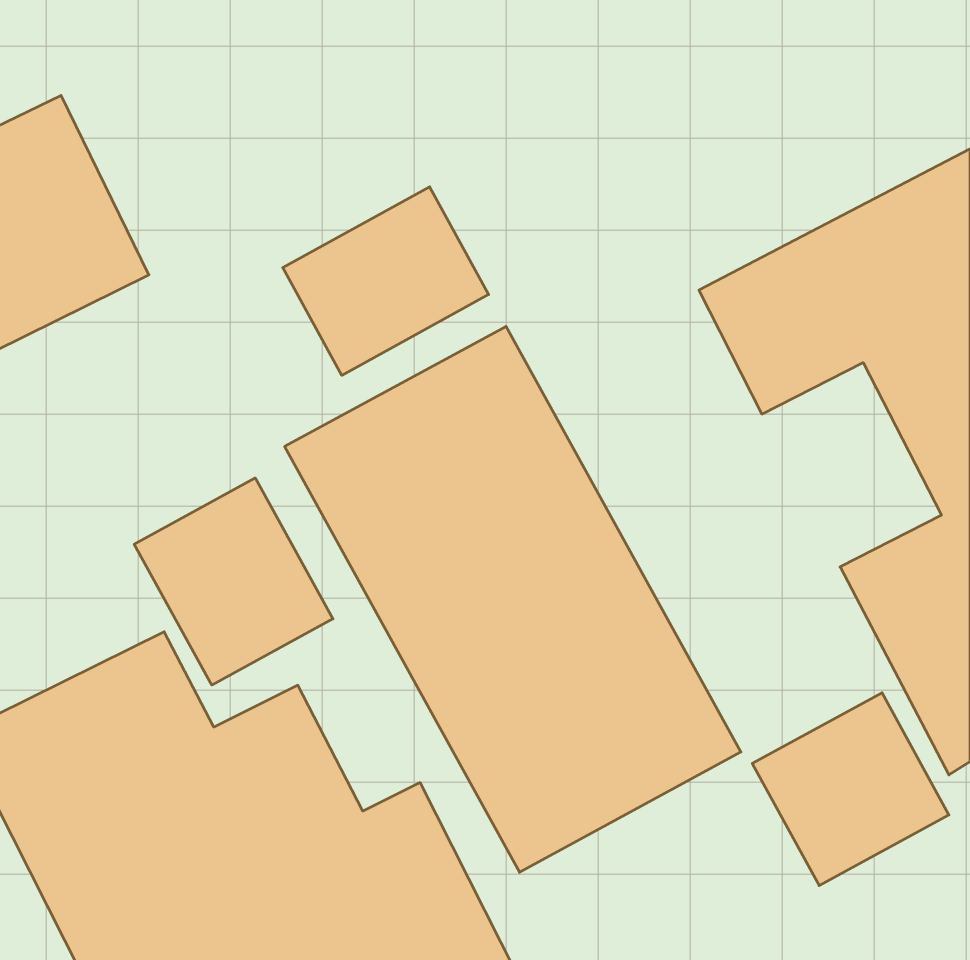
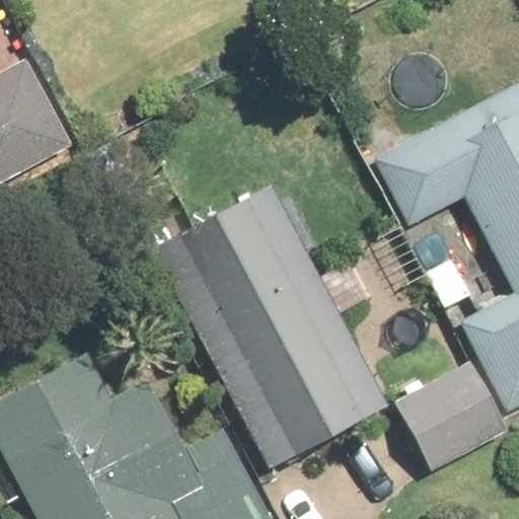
building: [283,187,489,375] -> none
building: [134,478,333,685] -> none

